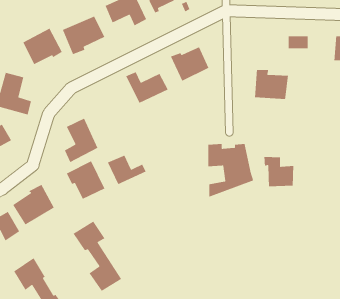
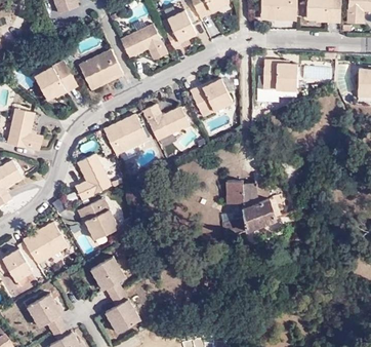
building: [254,69,289,100] -> [261,57,297,89]
building: none -> [106,114,146,154]
building: [107,154,147,185] -> none
building: [263,156,294,187] -> none

